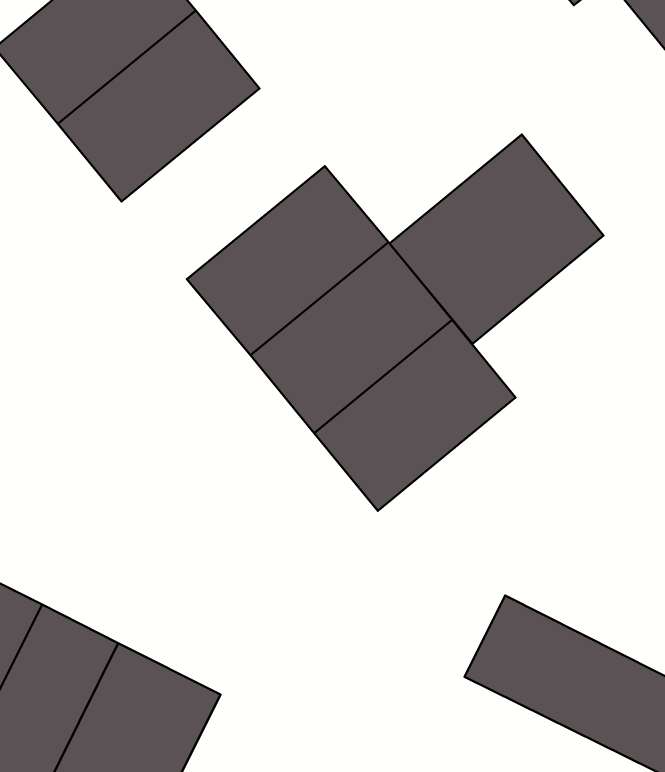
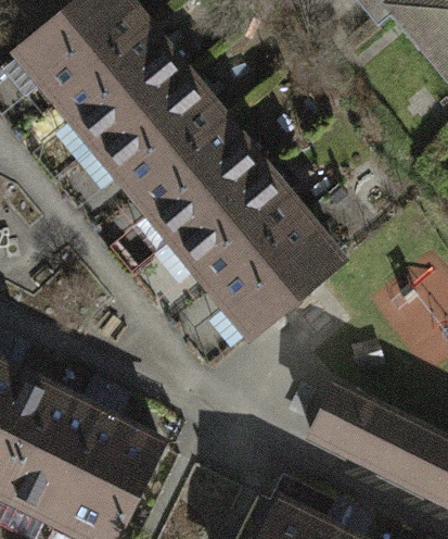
building: none -> [100,73,225,190]
building: [389,135,603,344] -> none

